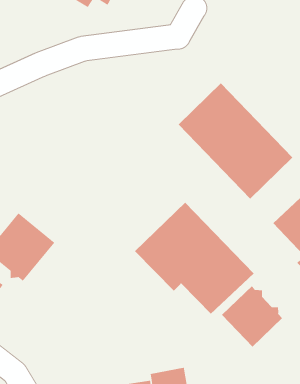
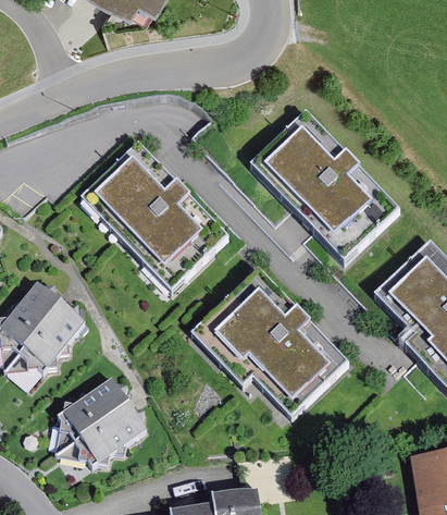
building: none -> [80,142,229,292]
building: none -> [57,378,147,468]
building: [221,286,283,348] -> none

